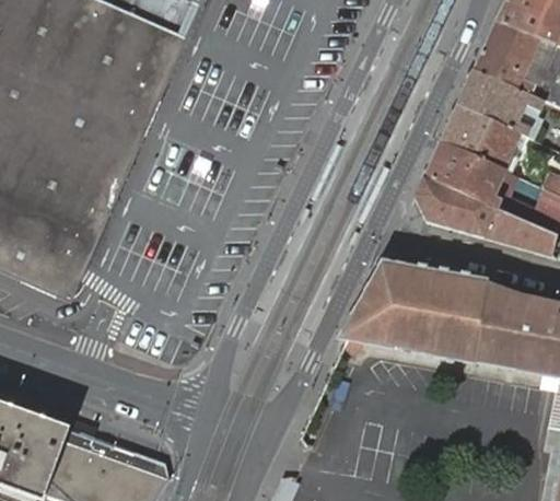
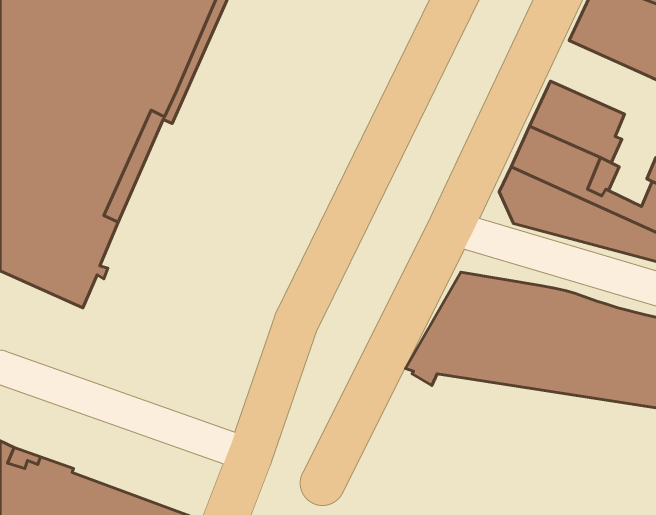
building: [457,69,540,133] -> none

